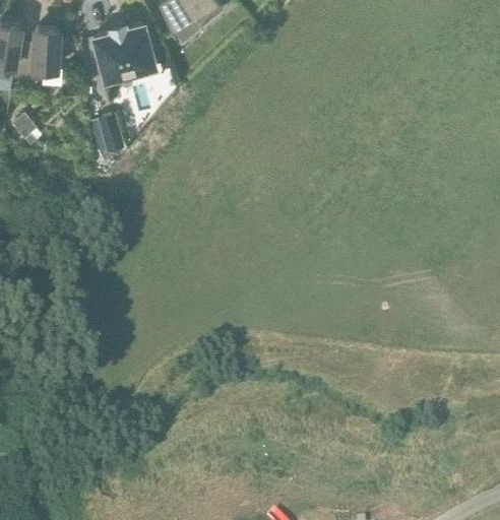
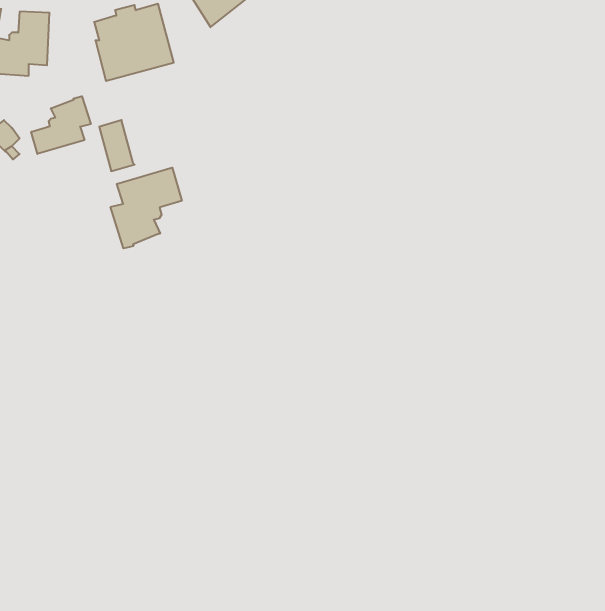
building: none -> [31,96,91,154]
building: none -> [111,168,182,248]

